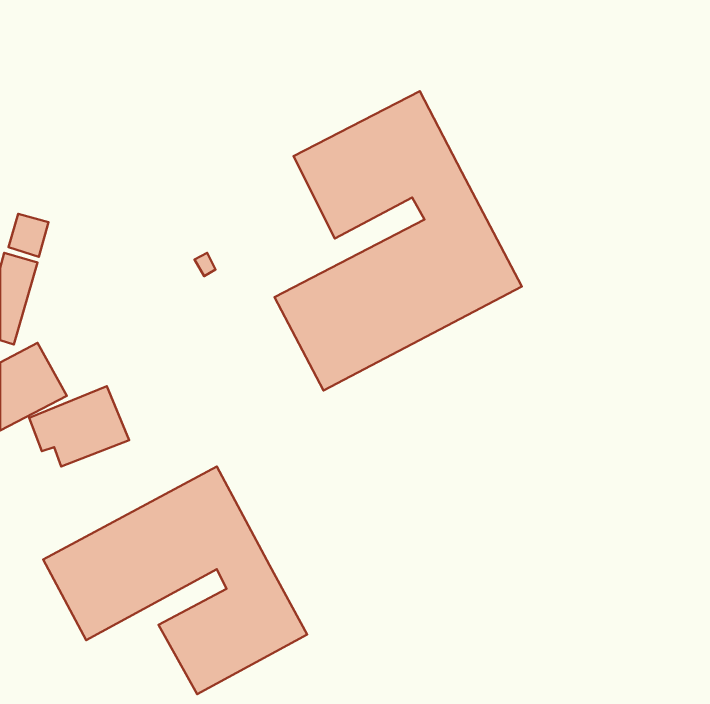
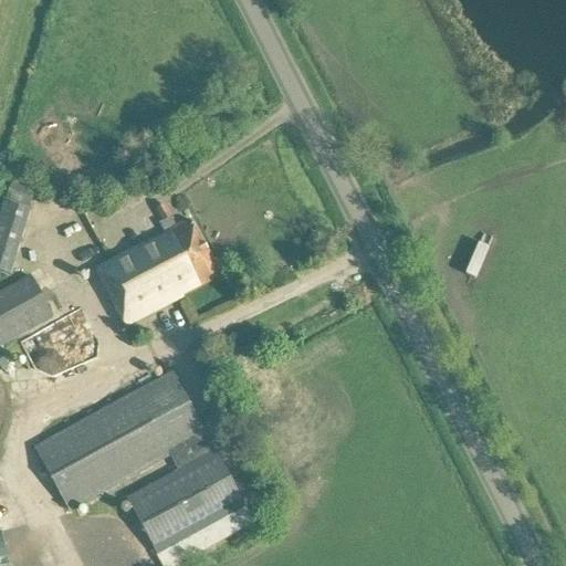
building: [274,91,522,390] -> none
building: none -> [94,219,219,325]

